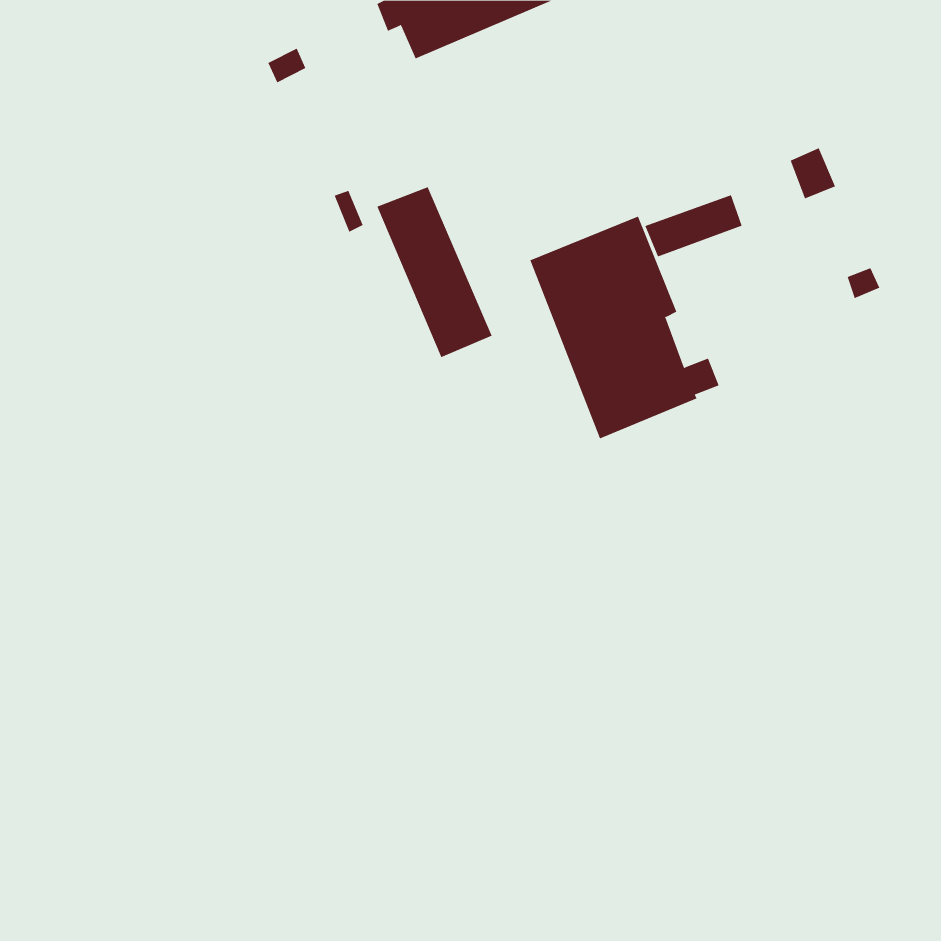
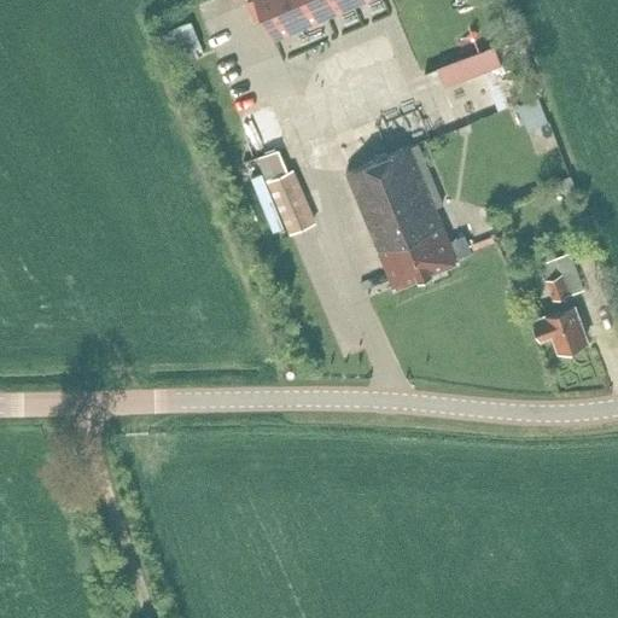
building: [645,195,742,257] -> [436,47,500,88]
building: none -> [534,253,585,350]

